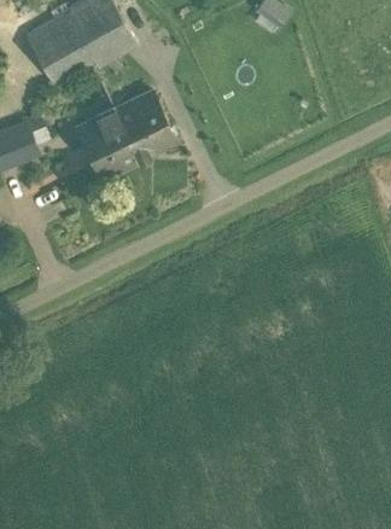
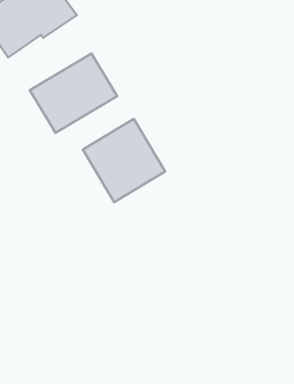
building: none -> [83,119,165,202]

